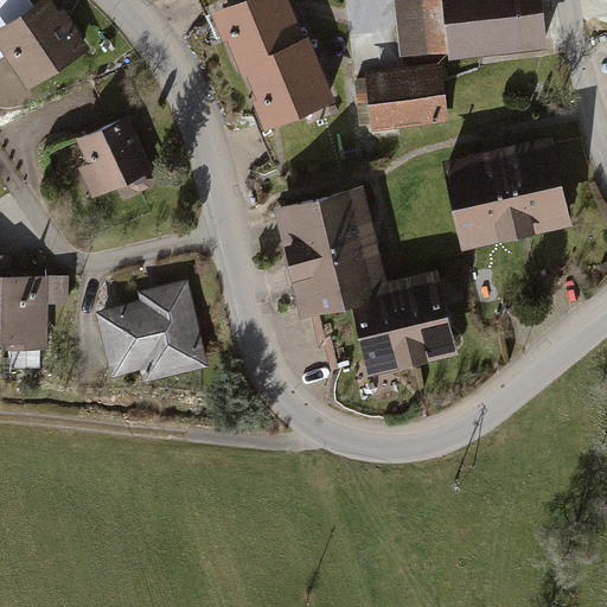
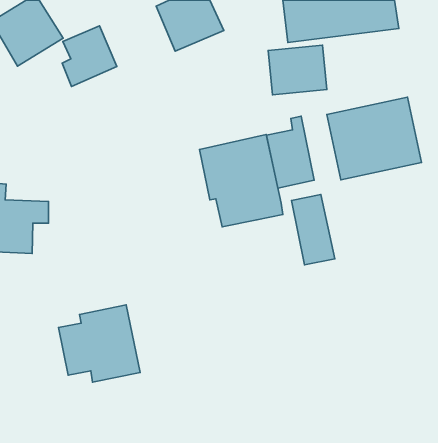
building: [239,43,332,133] -> none
building: [75,117,149,200] -> [62,26,117,87]
building: [351,275,416,373] -> [266,116,314,188]
building: [96,280,207,385] -> [59,305,140,382]

